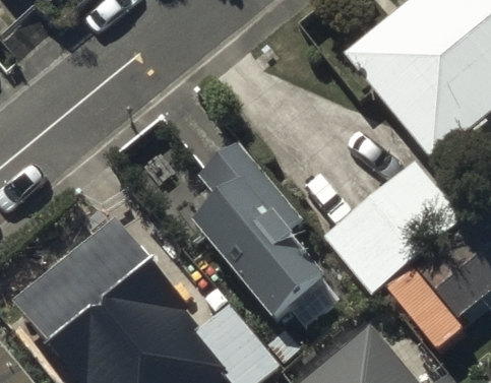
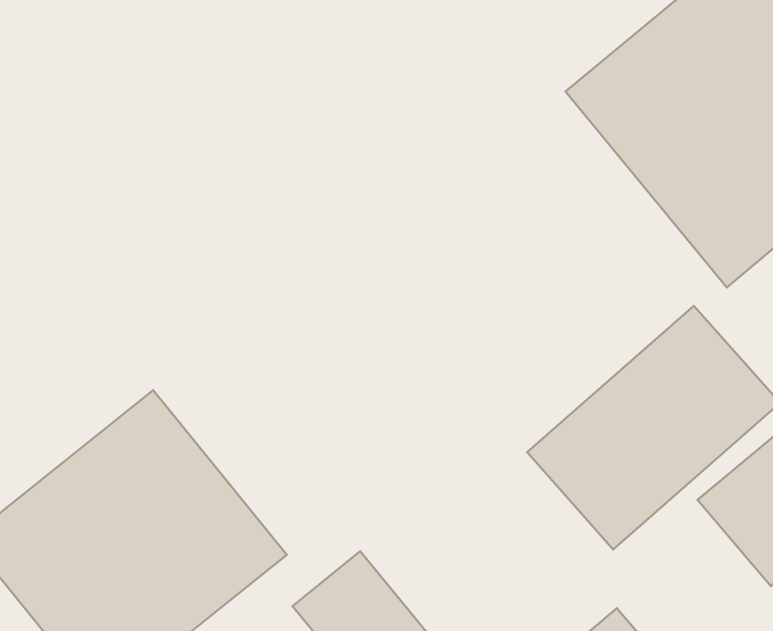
building: [190,139,322,319] -> none

